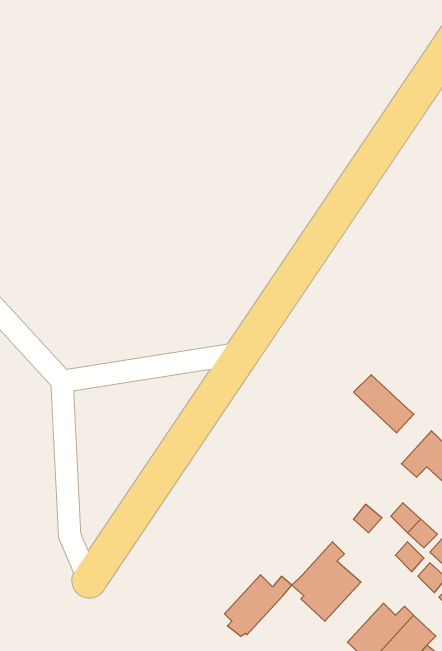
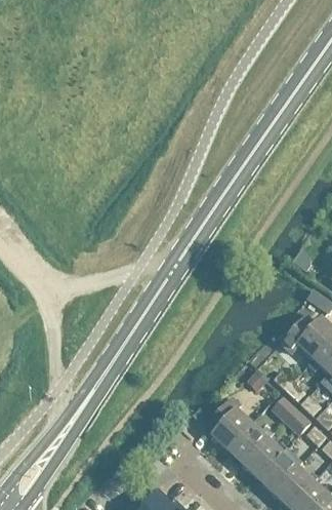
building: [354,375,414,433] -> none
building: [224,575,292,636] -> [230,425,276,467]

